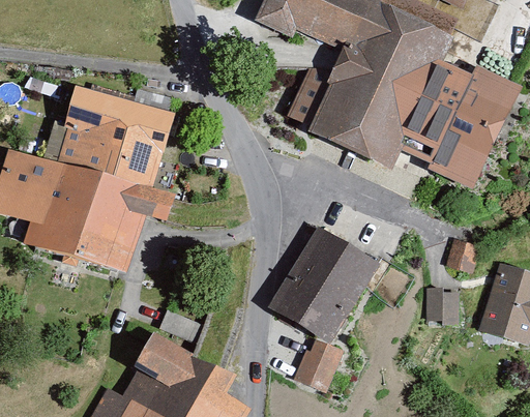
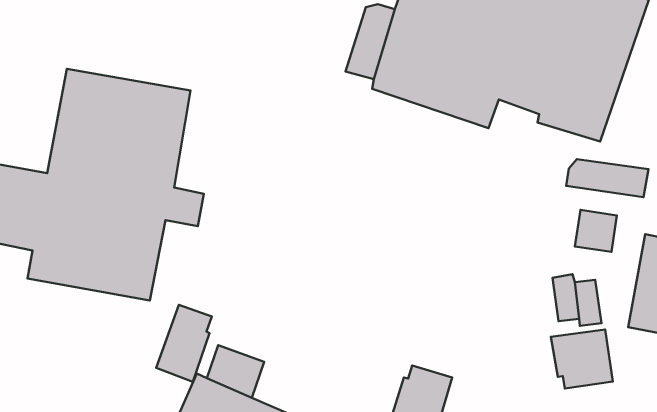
building: none -> [566,159,648,197]
building: [268,226,380,344] -> none
building: none -> [156,305,212,382]
building: none -> [551,329,613,389]

